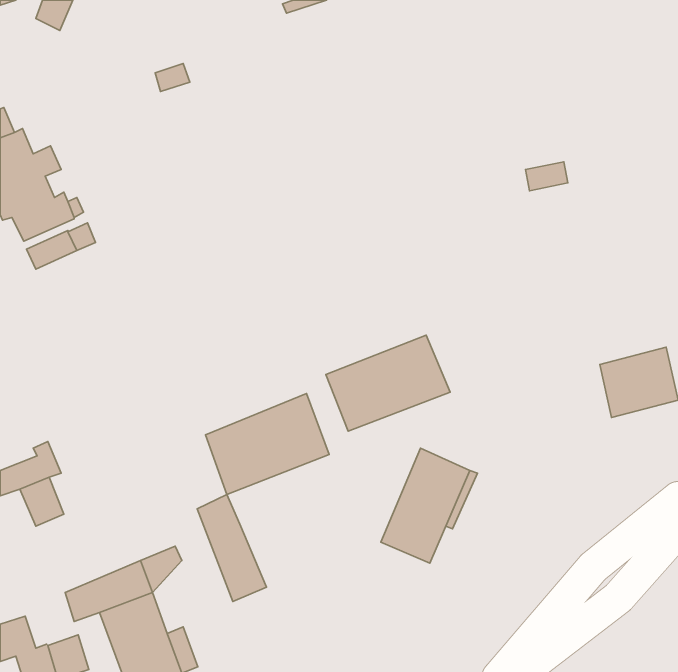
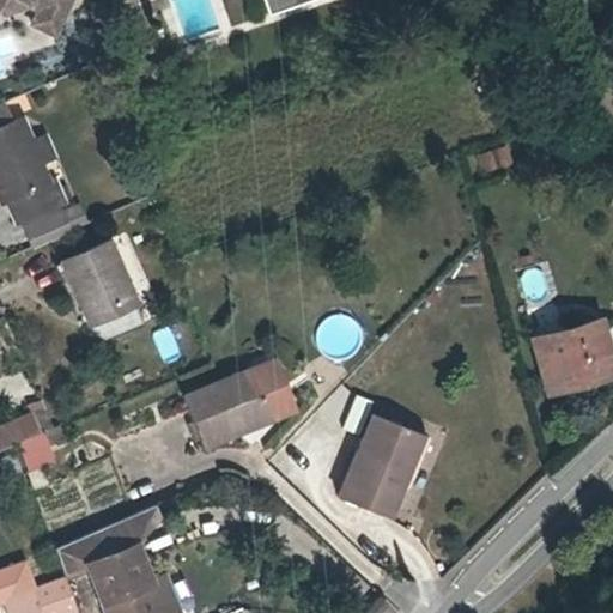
building: none -> [60,242,136,326]
building: [326,335,450,431] -> none
building: [197,494,266,601] -> none

